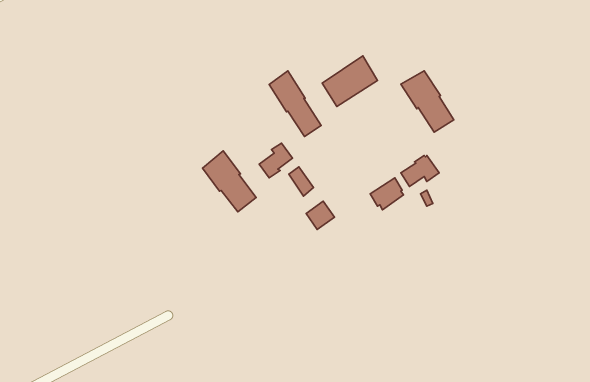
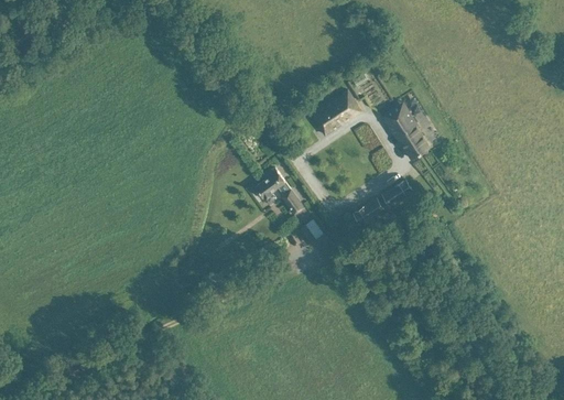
building: [269,71,321,137] -> none
building: [202,151,256,212] -> none

